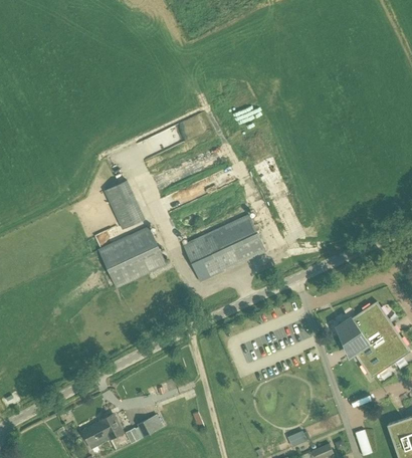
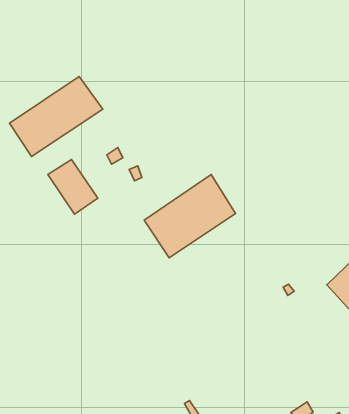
building: none -> [9,76,103,157]
building: [97,226,166,287] -> none

